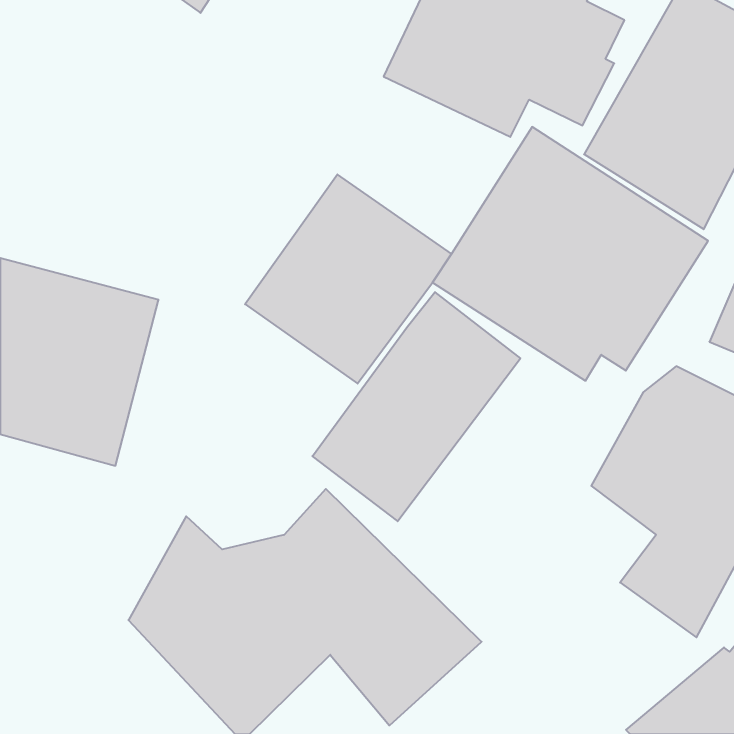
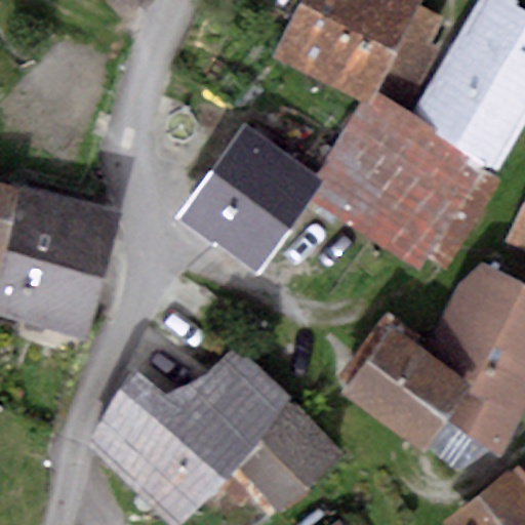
building: [312,292,520,521] -> none
building: none -> [341,312,469,447]

